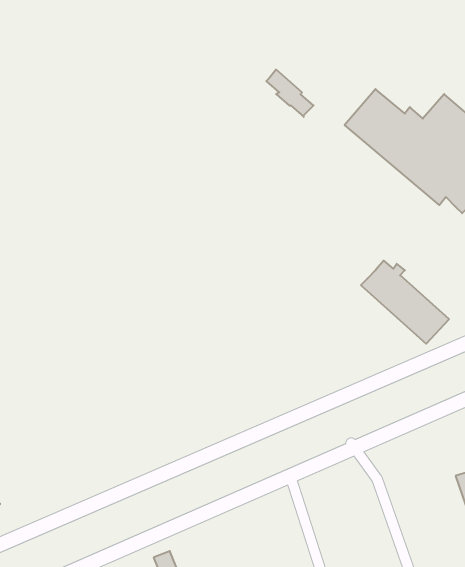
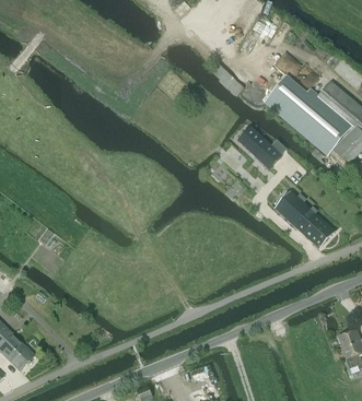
building: none -> [237,127,282,169]

